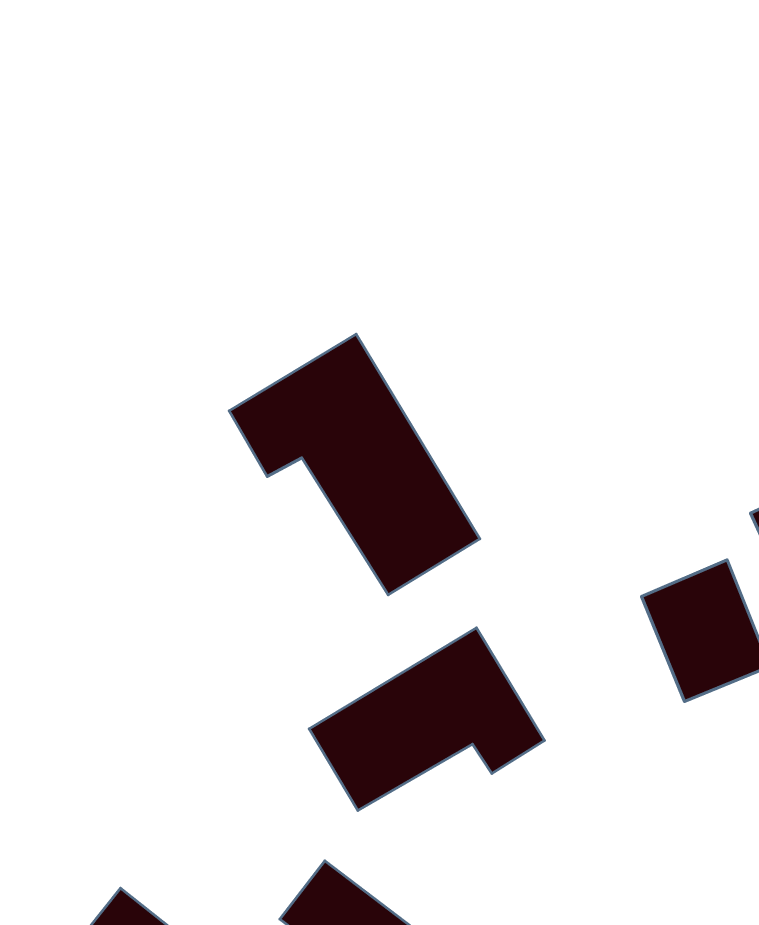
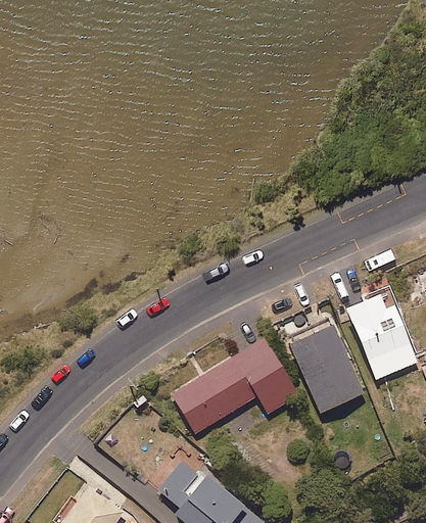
building: [229,334,480,595] -> none
building: none -> [287,324,363,412]

